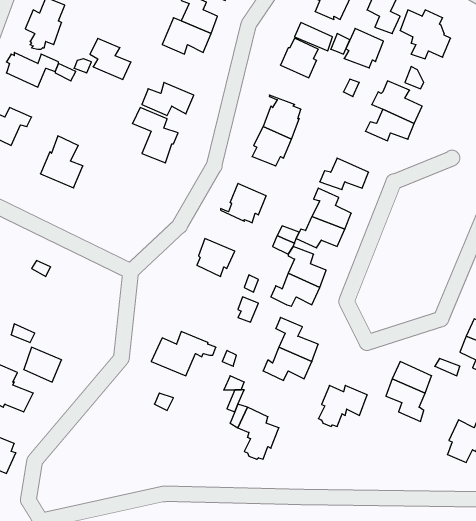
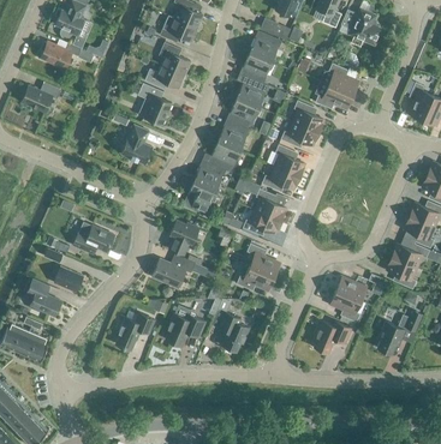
building: [344,28,383,68] -> [242,50,272,80]
building: [90,38,131,79] -> [159,42,190,73]
building: none -> [293,100,323,132]
building: [40,136,83,188] -> [120,124,153,163]
building: none -> [217,120,246,150]
building: none -> [192,161,222,192]
building: none -> [169,220,199,254]
building: none -> [73,222,114,253]
building: [318,385,367,426] -> [314,320,351,352]
building: none -> [166,312,204,346]
building: none -> [115,313,154,349]

